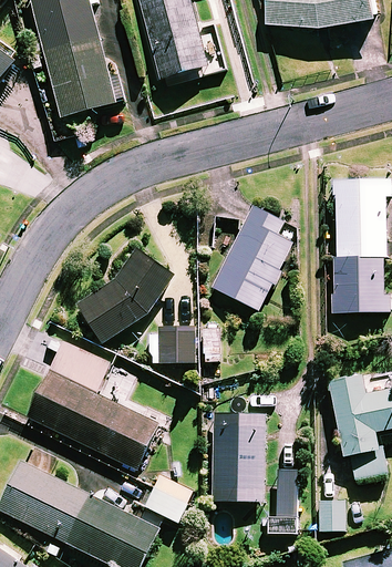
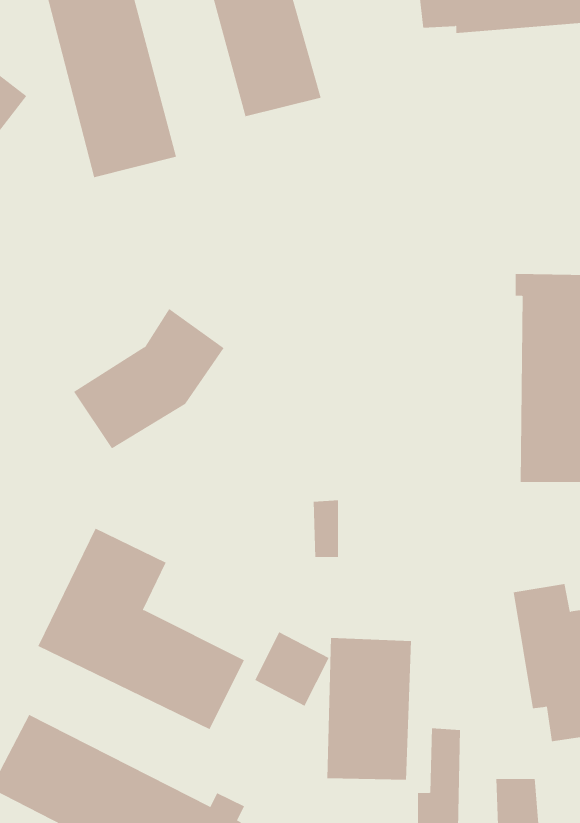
building: [212,207,293,310] -> none
building: [78,251,174,341] -> [73,308,225,449]
building: [158,326,197,362] -> none
building: [145,474,193,522] -> [254,632,329,706]

